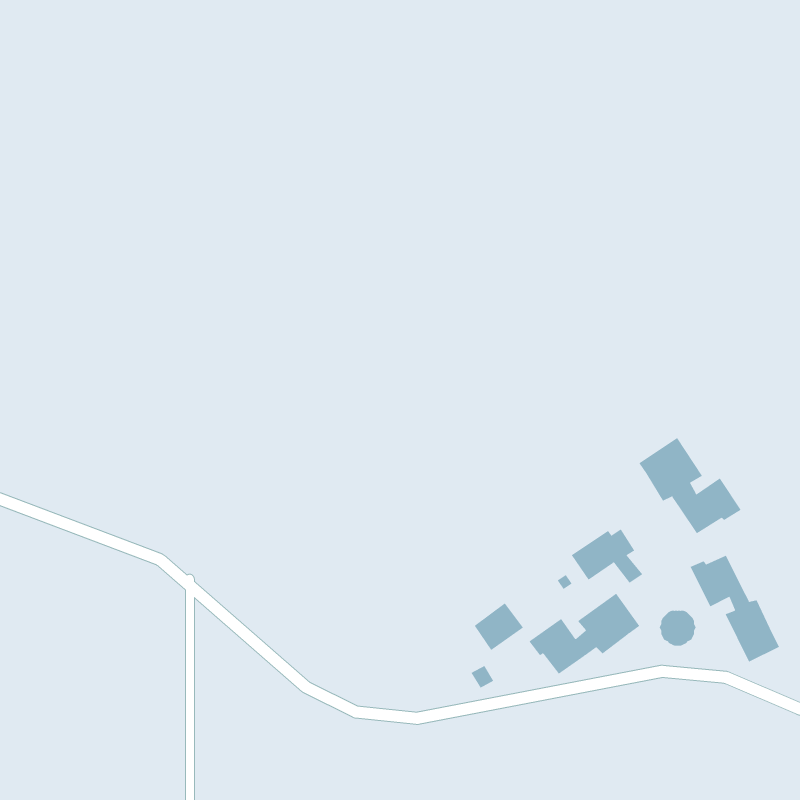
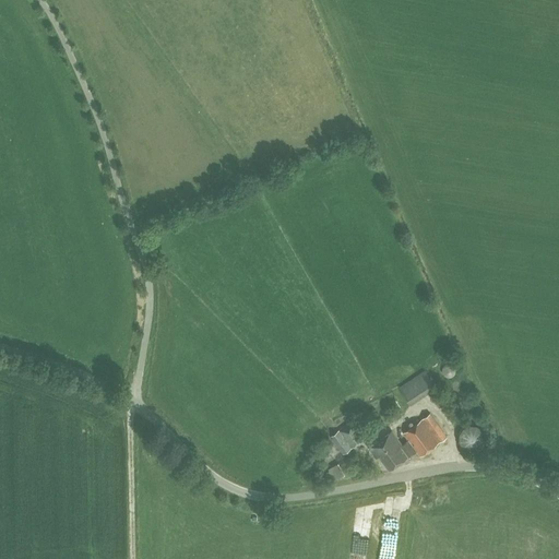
building: [638,437,742,534] -> none
building: [690,555,780,663] -> none

